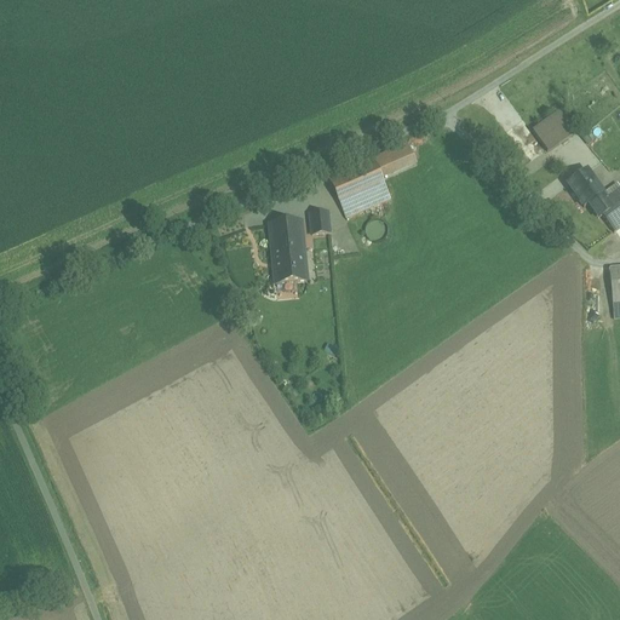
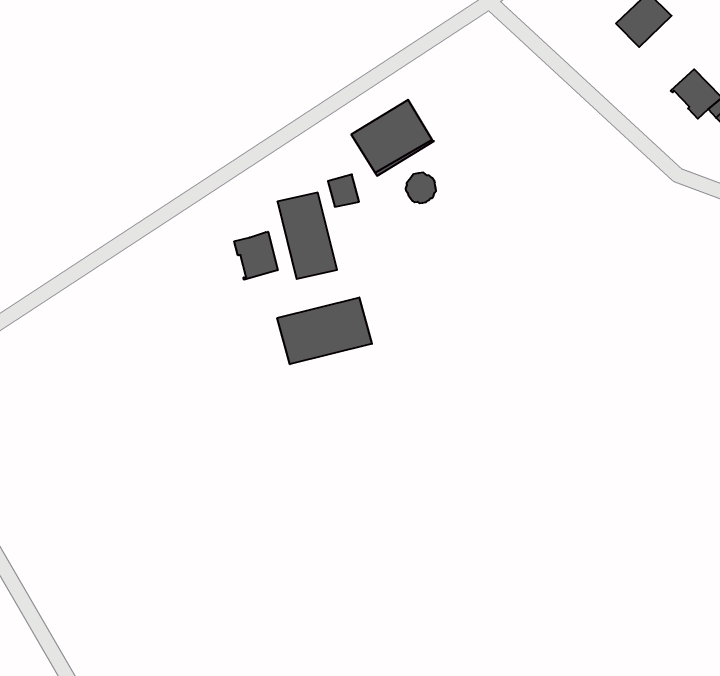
building: none -> [234,232,278,280]
building: none -> [277,297,372,364]

